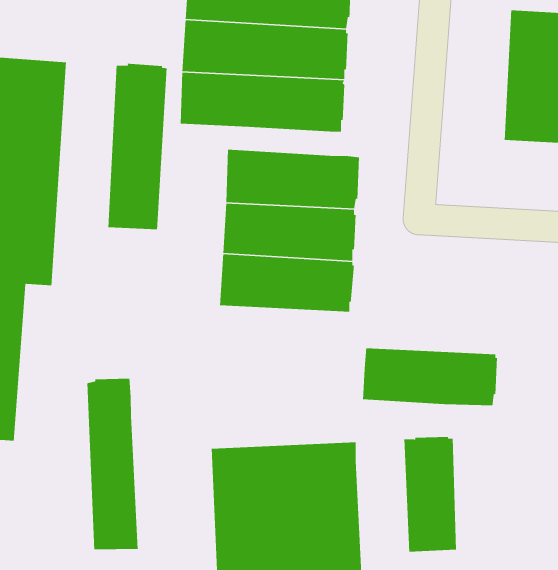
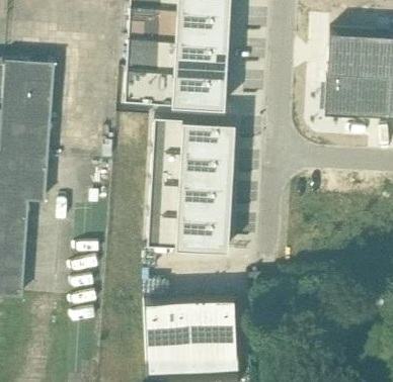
building: [107,63,168,230] -> none
building: [362,347,498,406] -> [147,212,231,249]
building: [86,378,139,550] -> none
building: [404,436,457,552] -> none

